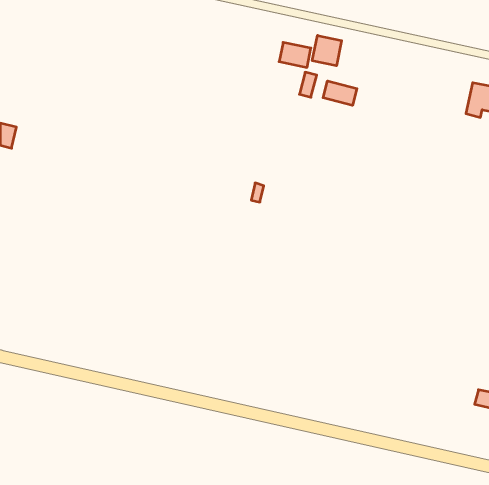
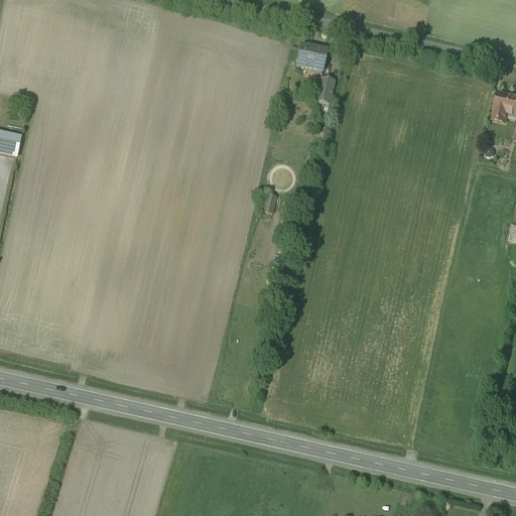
building: [312,35,342,66] -> none
building: [323,81,357,105] -> none

